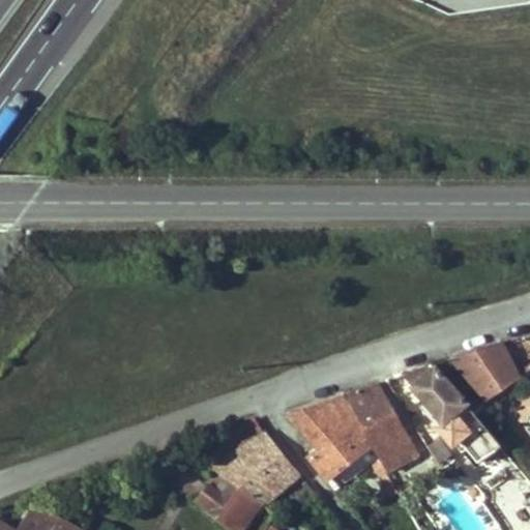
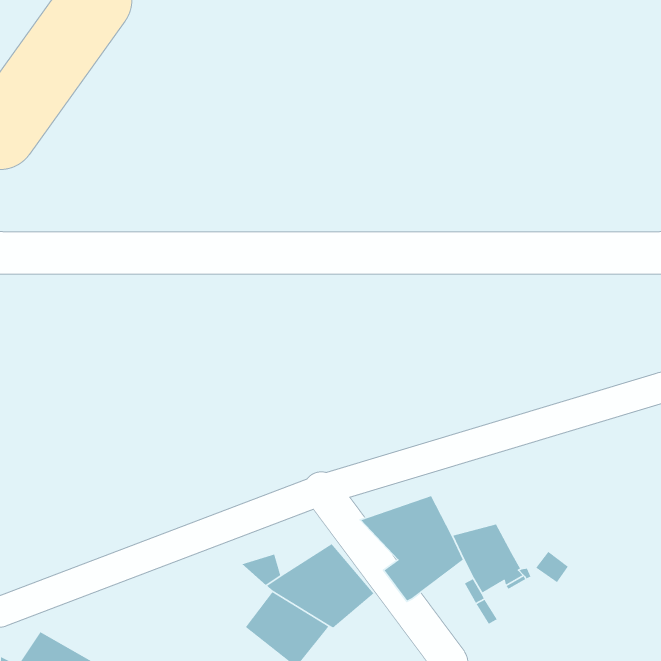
building: [452,344,520,402] -> none
building: [413,370,502,464] -> none
building: [346,385,398,429] -> none

